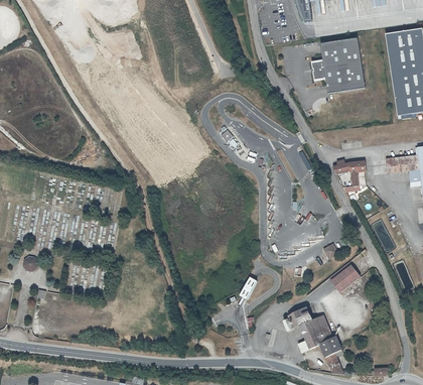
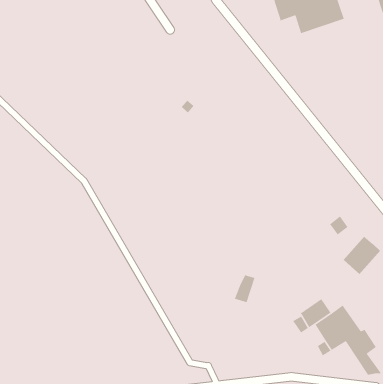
building: [333,159,366,190] -> none

